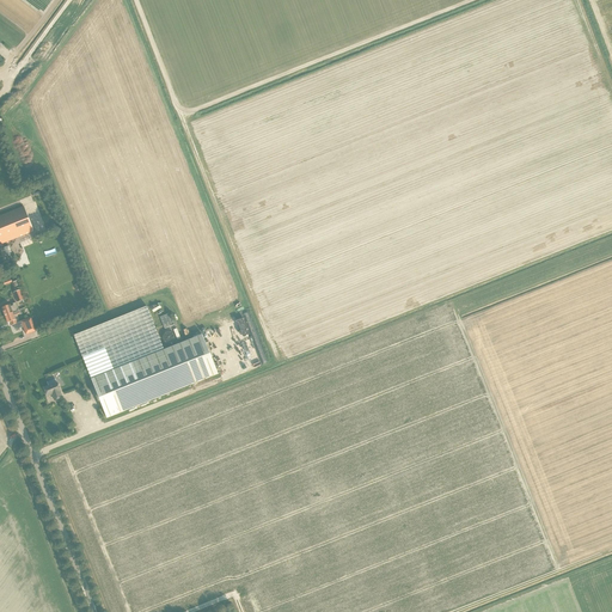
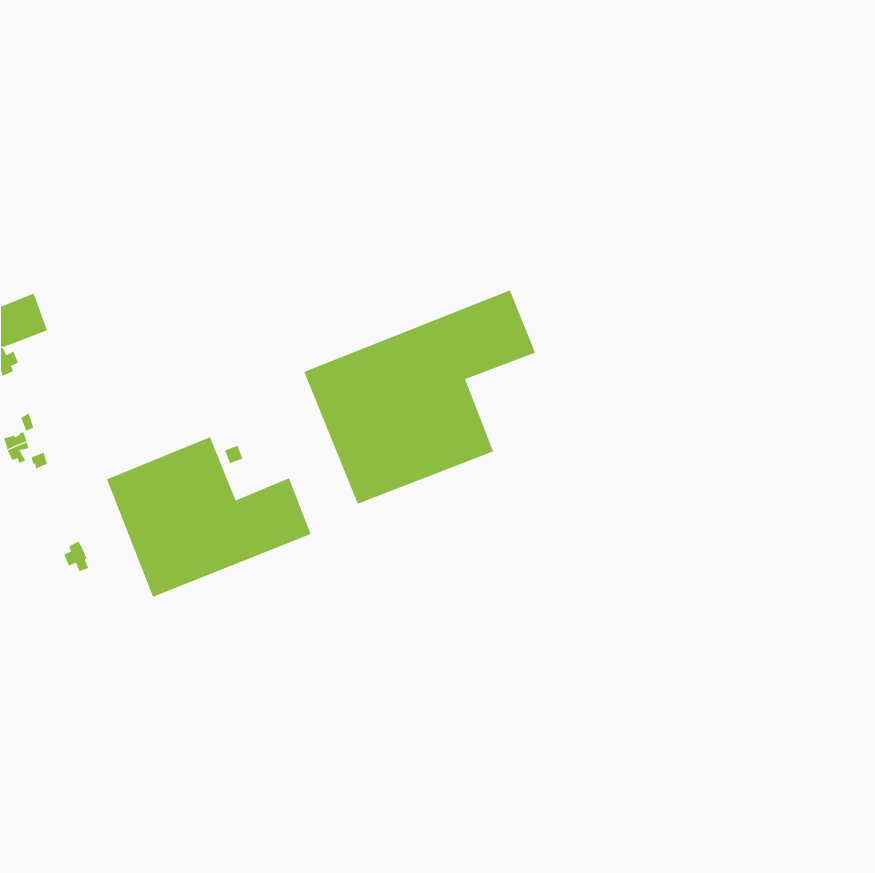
building: none -> [304,289,536,505]

